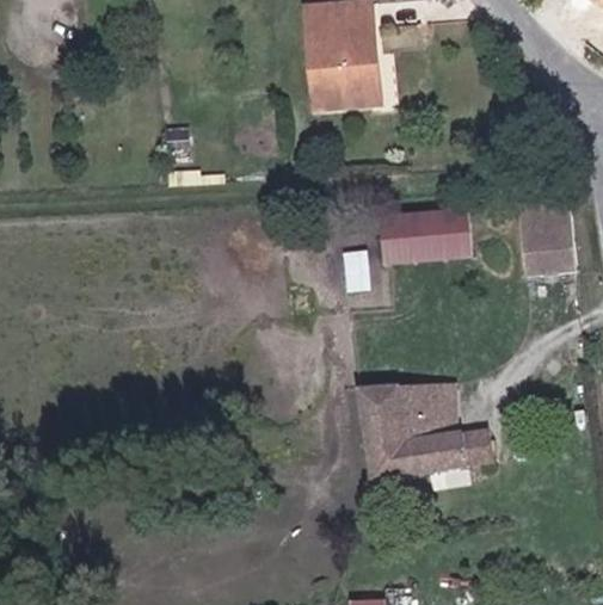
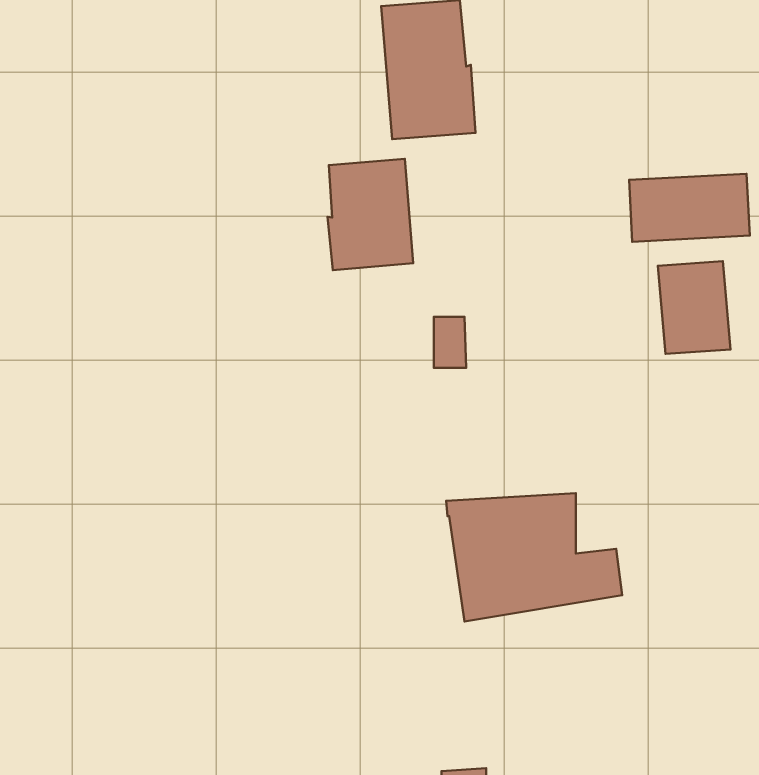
building: none -> [328,159,413,270]
building: [379,210,472,263] -> [629,174,750,242]

